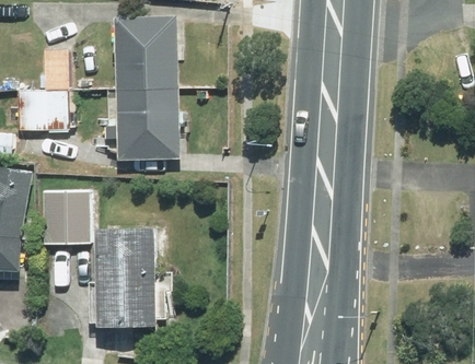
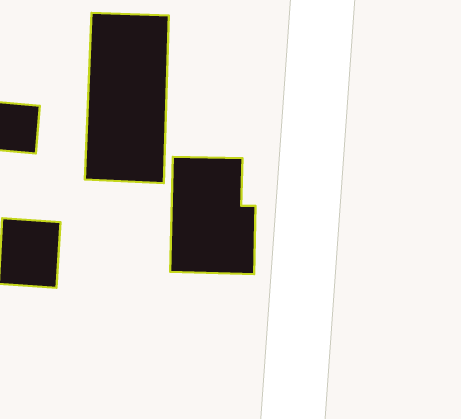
building: [99,230,171,329] -> [170,157,255,274]

